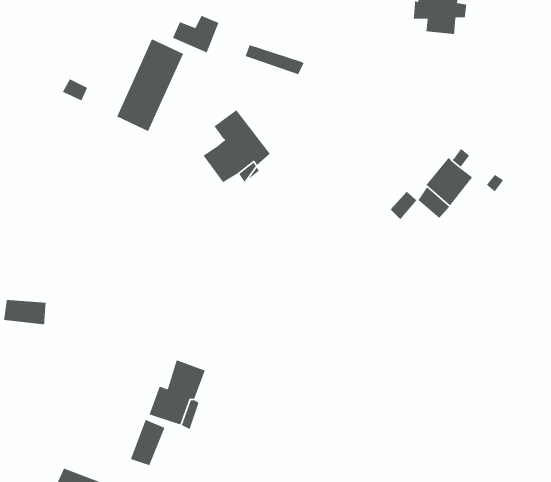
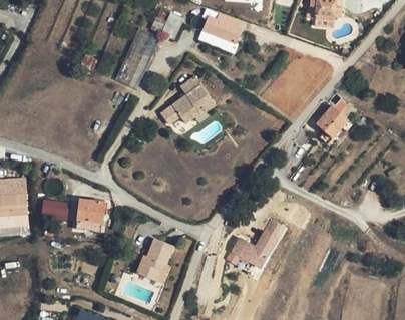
building: none -> [201,16,243,44]
building: none -> [76,200,103,231]
building: none -> [229,219,286,269]
building: [130,419,166,466] -> none

